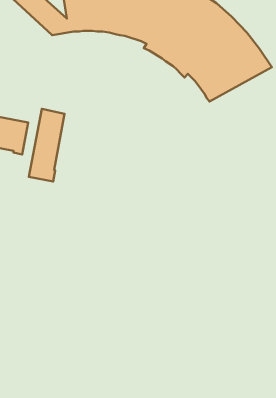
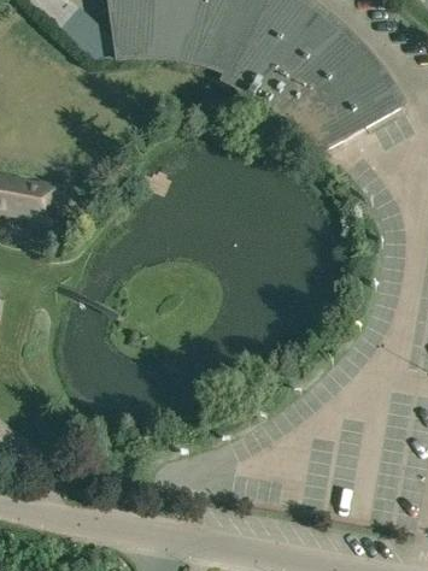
building: [29,109,65,181] -> none

